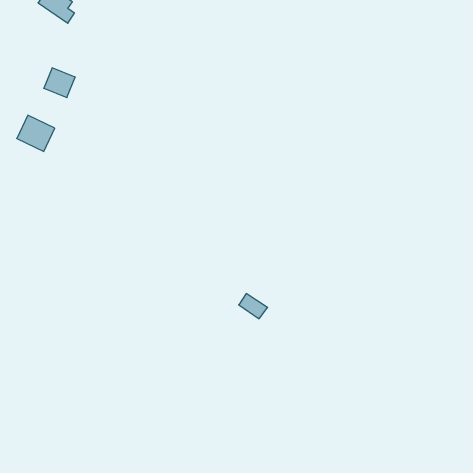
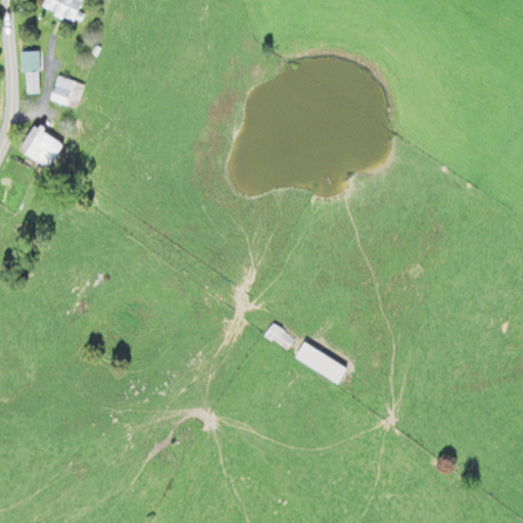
building: none -> [23,50,40,93]
building: none -> [294,342,347,384]

